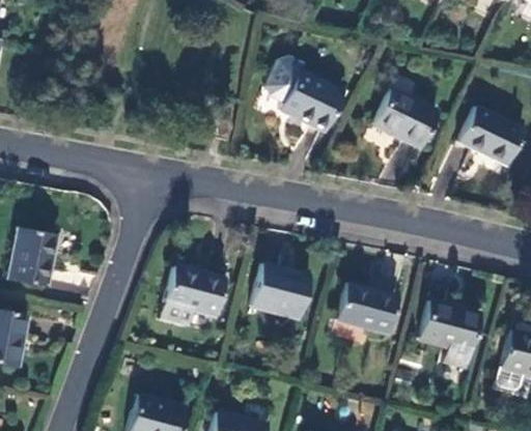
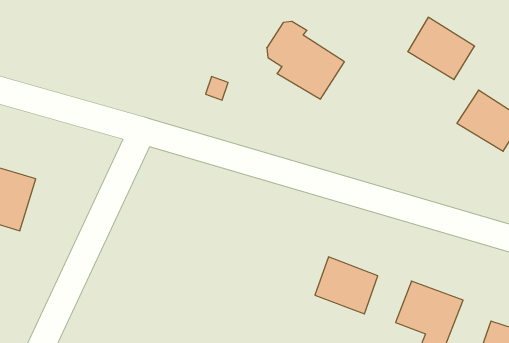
building: [373,88,438,146] -> [408,17,475,80]
building: [250,263,309,318] -> none
building: [160,264,225,325] -> none

